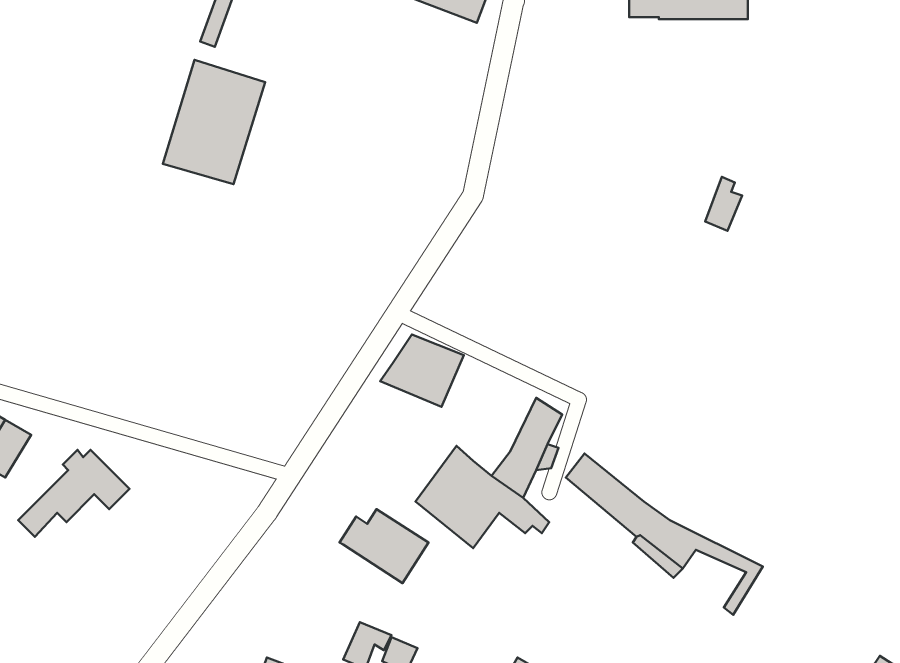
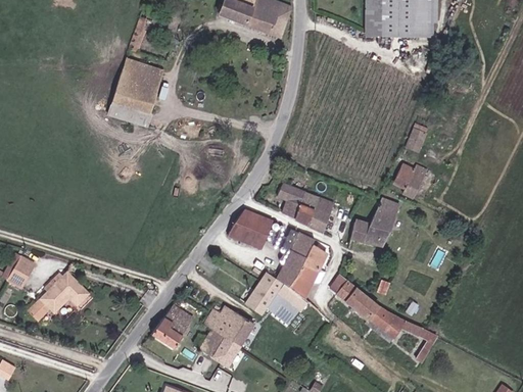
building: none -> [393,163,427,198]
building: none -> [278,184,334,233]
building: none -> [350,199,399,246]
building: none -> [279,232,315,287]
building: none -> [152,305,194,348]
building: none -> [199,325,240,366]

